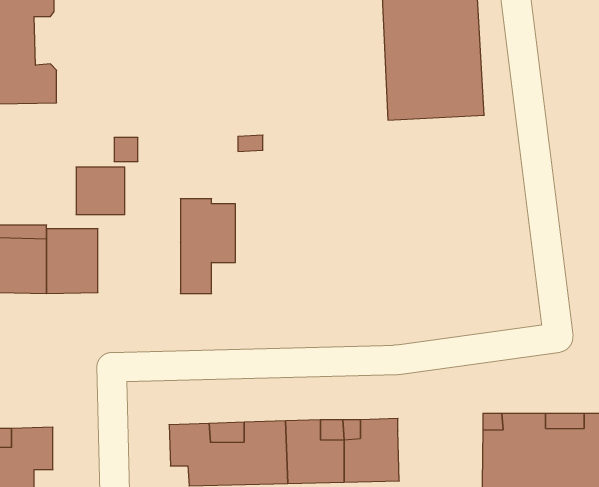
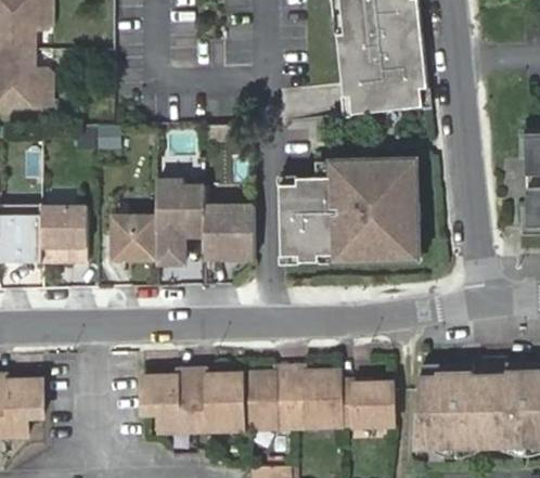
building: [76,167,125,215] -> [116,219,158,260]
building: none -> [280,163,409,263]
building: none -> [206,207,253,258]
building: none -> [347,383,401,426]

